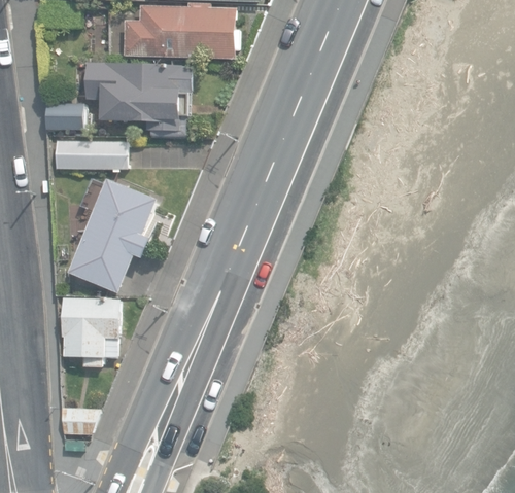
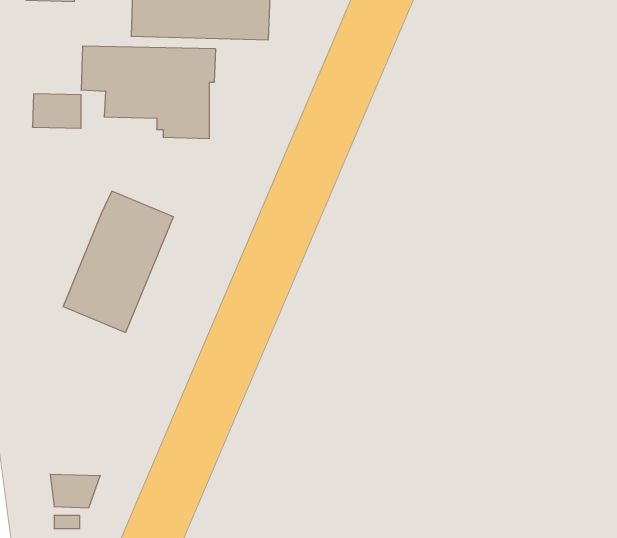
building: [54,140,126,168] -> none
building: [60,296,118,365] -> none

